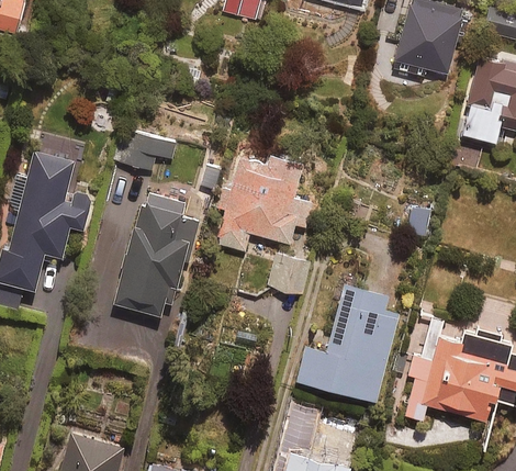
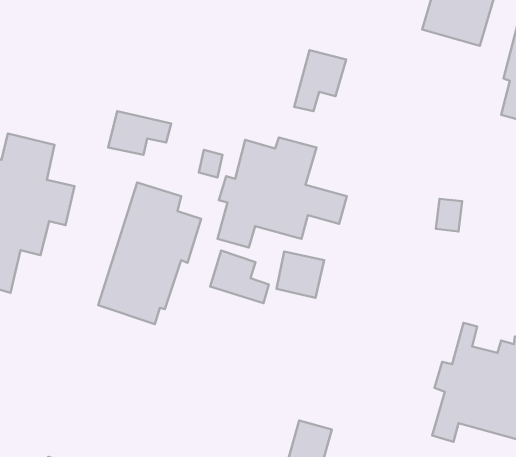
building: none -> [294,50,346,111]
building: none -> [210,251,269,303]
building: [295,283,400,403] -> none

